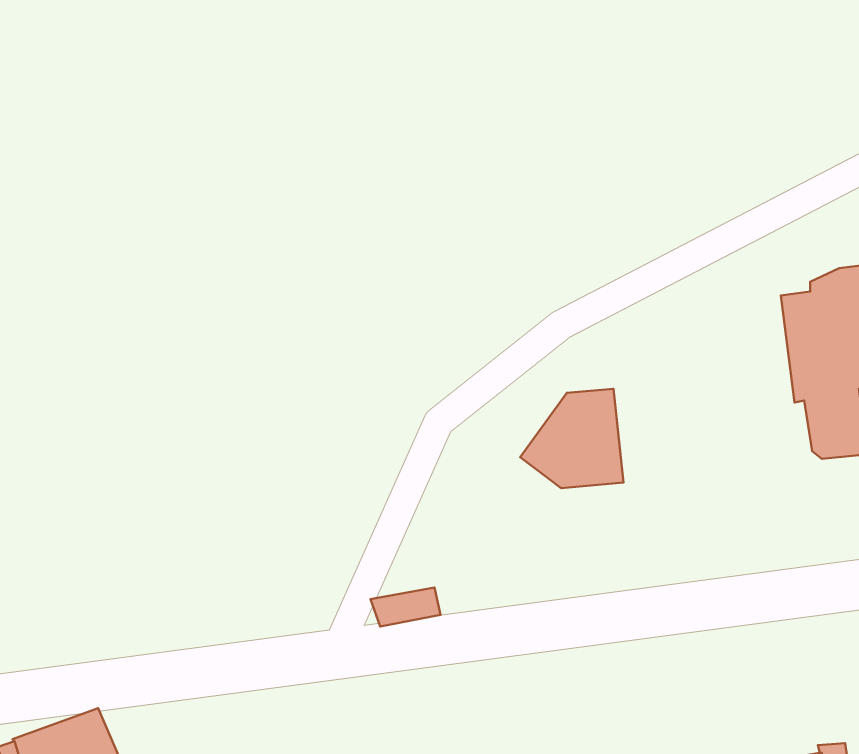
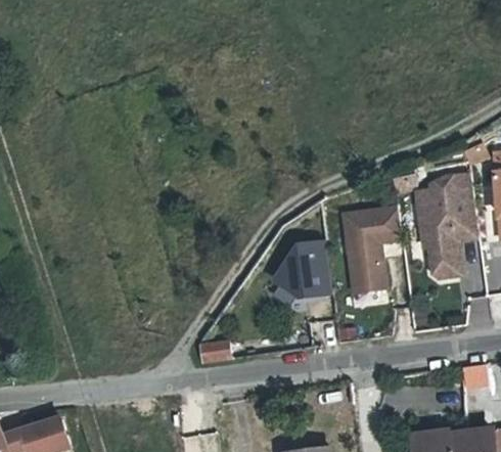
building: none -> [345,209,402,292]

